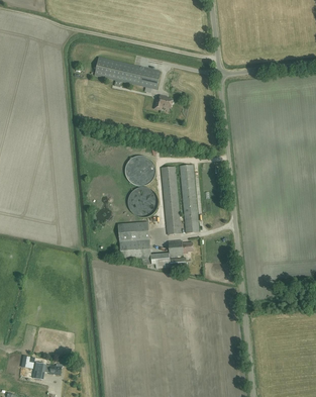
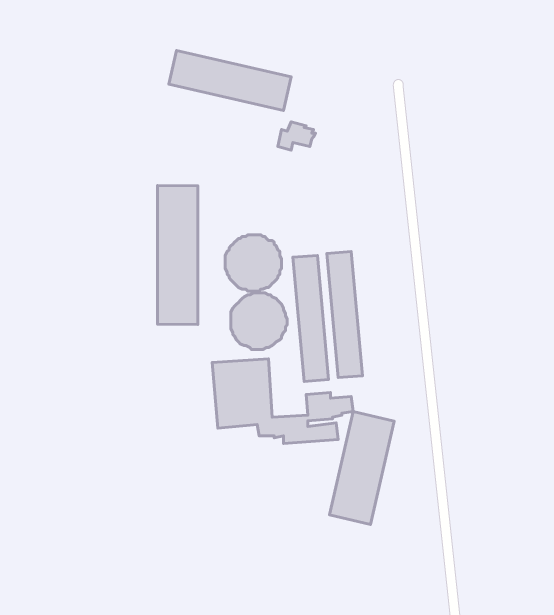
building: none -> [158,186,198,324]
building: none -> [329,411,394,525]

